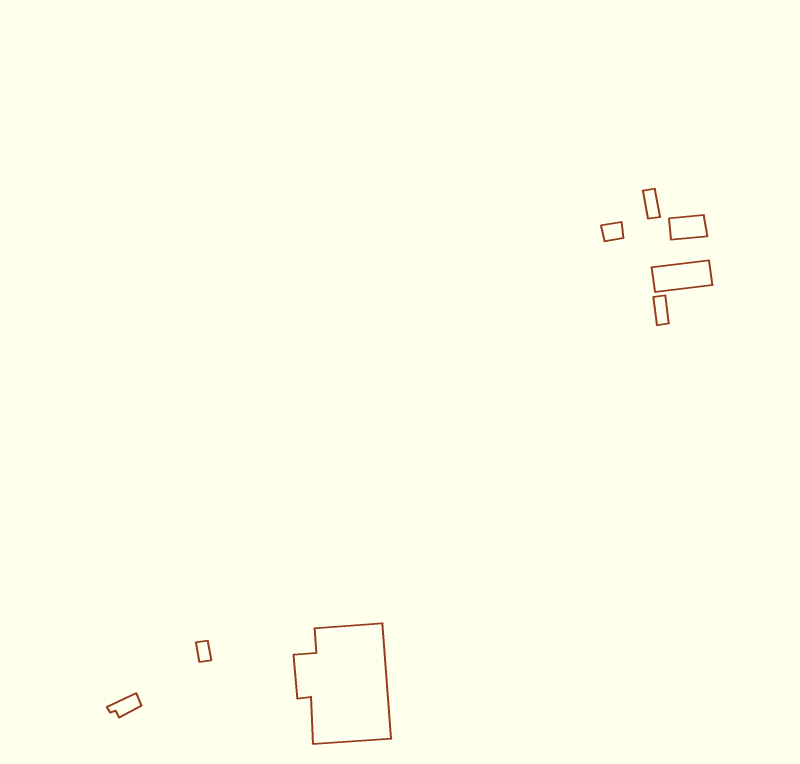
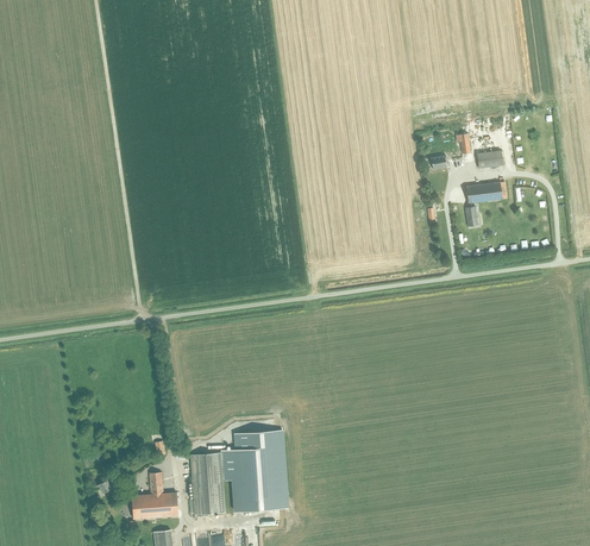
building: none -> [189,452,225,515]
building: none -> [131,472,177,519]

